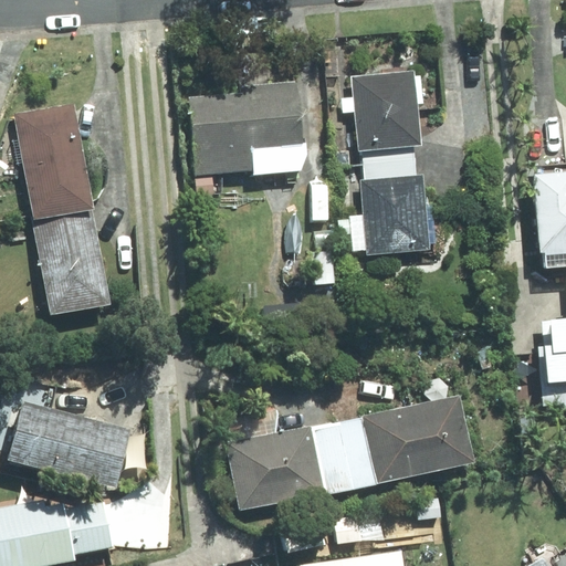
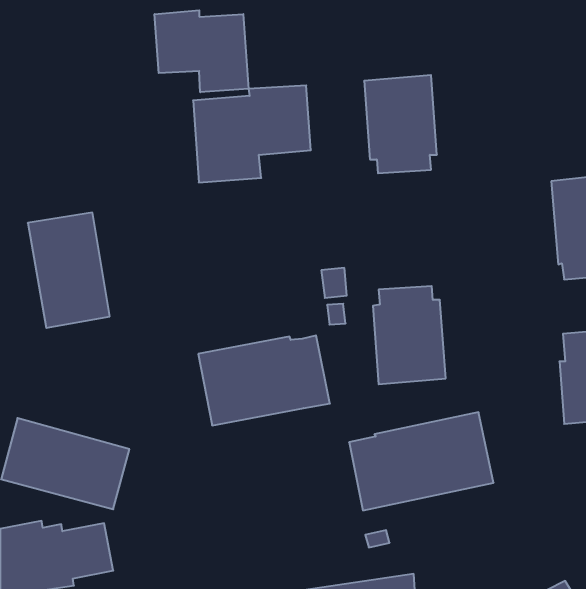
building: none -> [155,10,249,92]
building: [14,103,93,214] -> none
building: [360,164,430,258] -> [373,286,446,384]
building: [226,424,352,511] -> [198,335,330,425]

